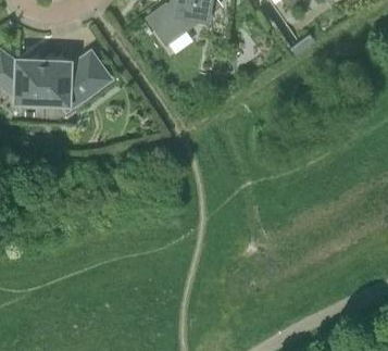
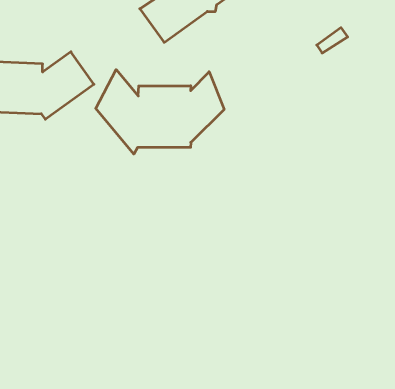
building: none -> [96,70,224,154]

